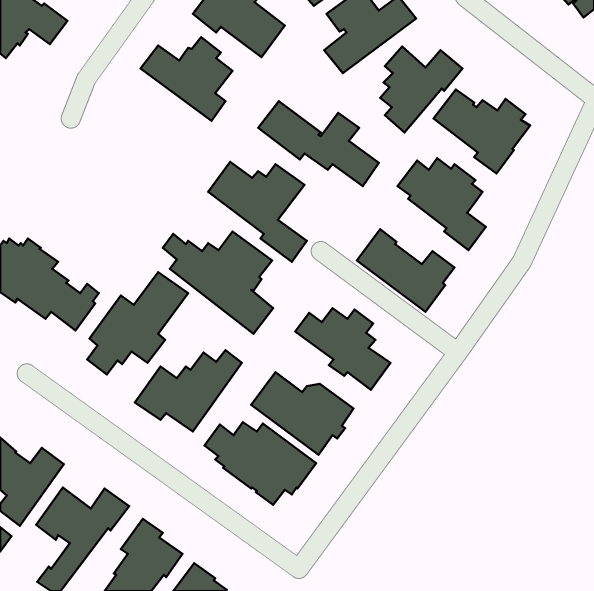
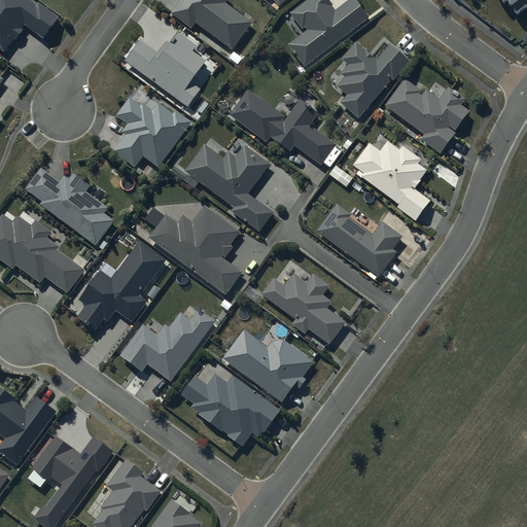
building: none -> [112,97,191,168]
building: none -> [26,167,115,247]

